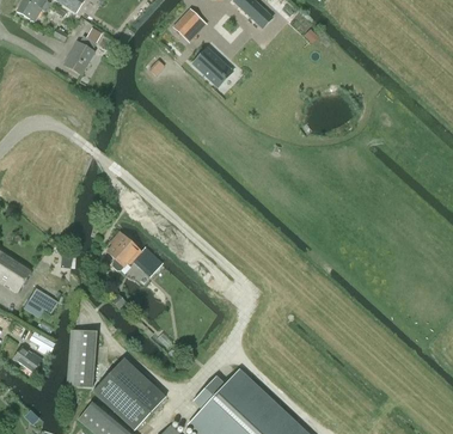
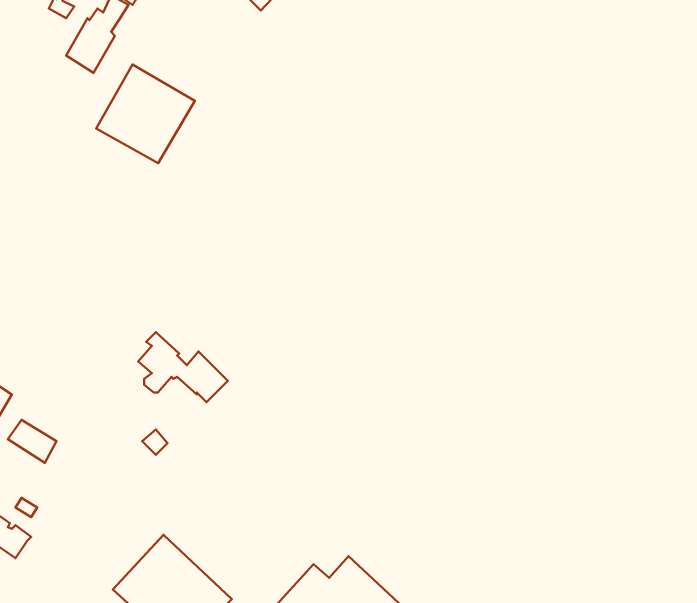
building: [192,48,229,84] -> none
building: none -> [96,64,195,163]
building: [66,329,96,387] -> none

